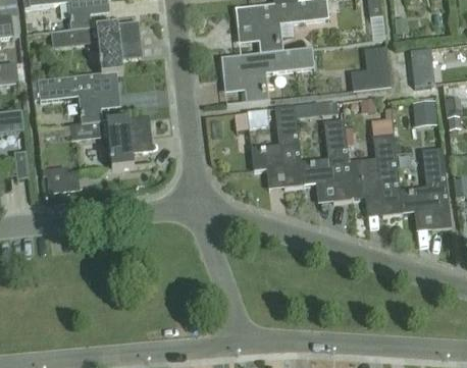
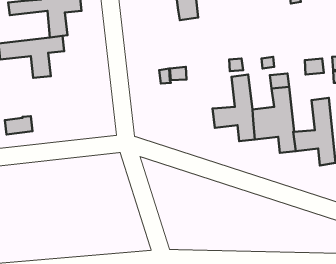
building: [350,45,390,90] -> none
building: [220,46,314,102] -> none
building: [411,48,433,85] -> none
building: [251,104,303,187] -> none
building: [69,114,151,167] -> none

